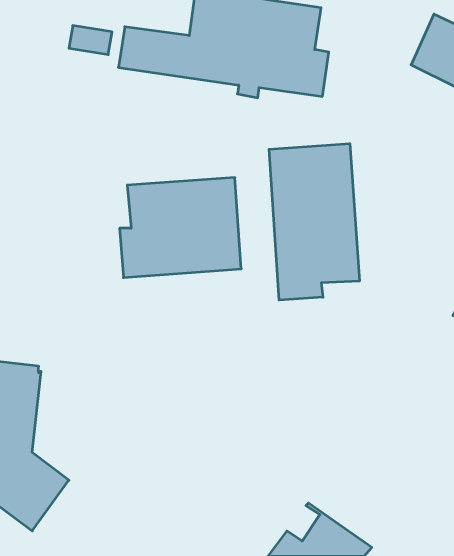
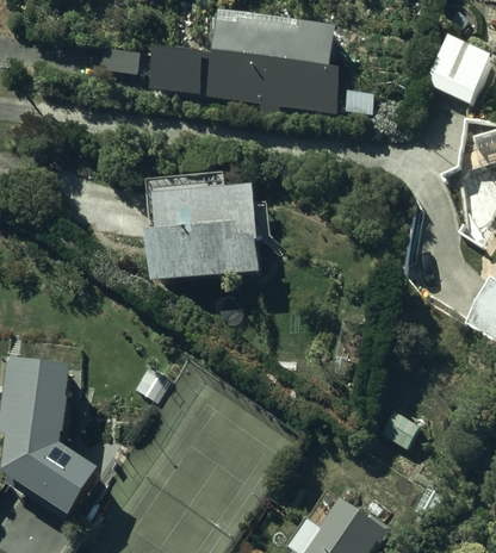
building: [269,144,359,300] -> none

